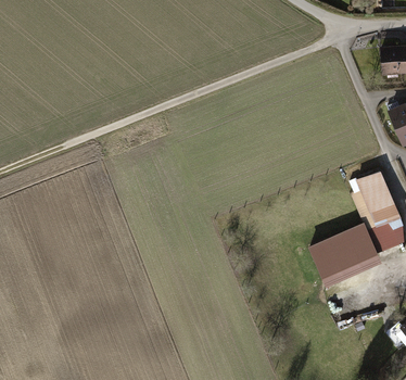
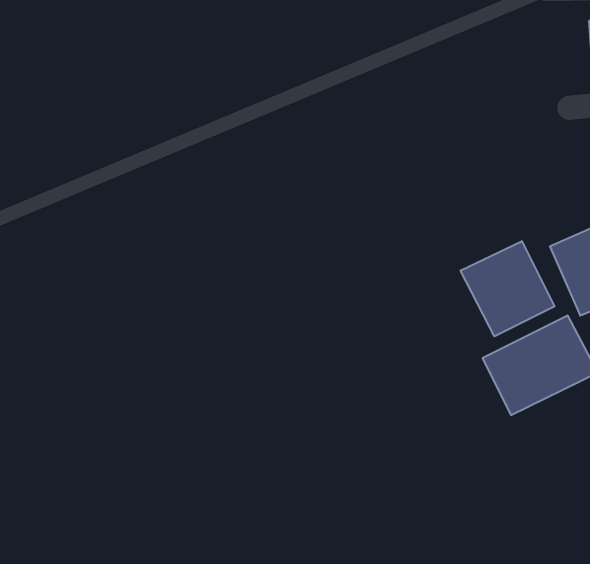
building: none -> [461,241,554,336]

